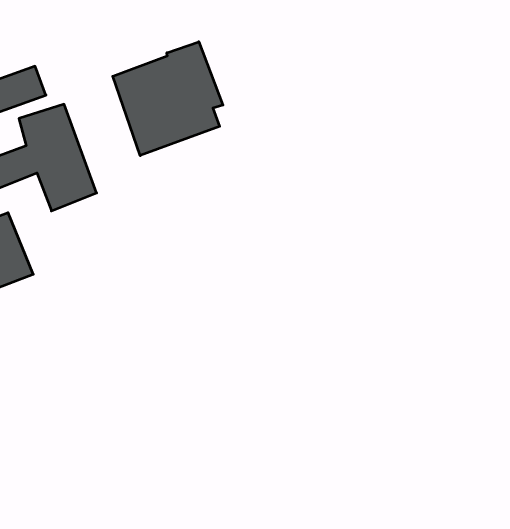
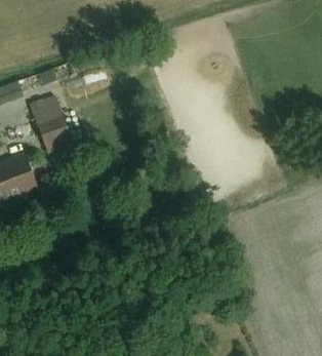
building: [113,42,223,156] -> none

